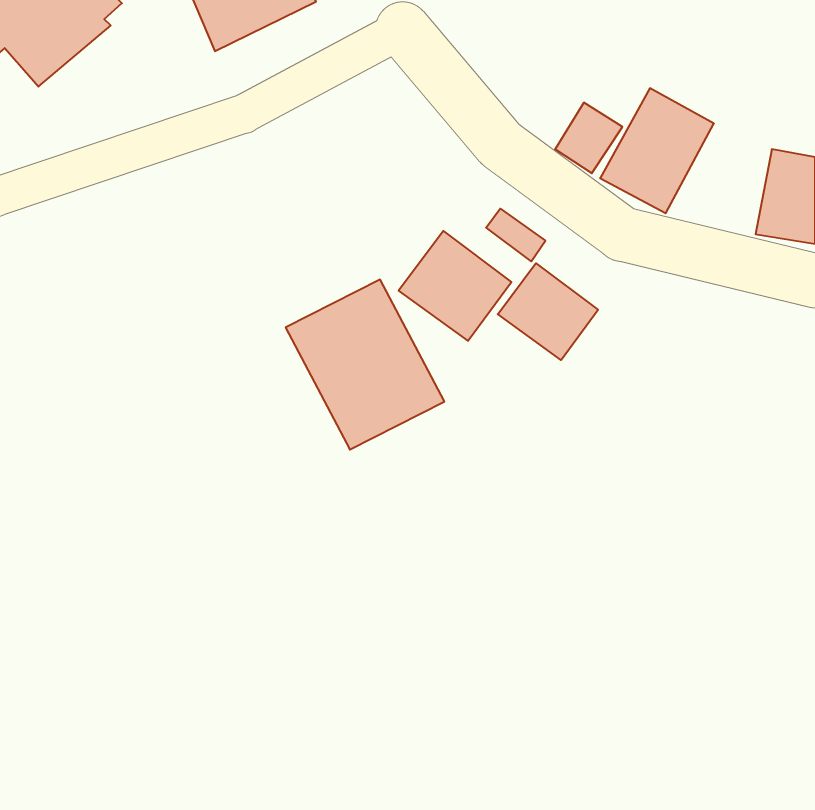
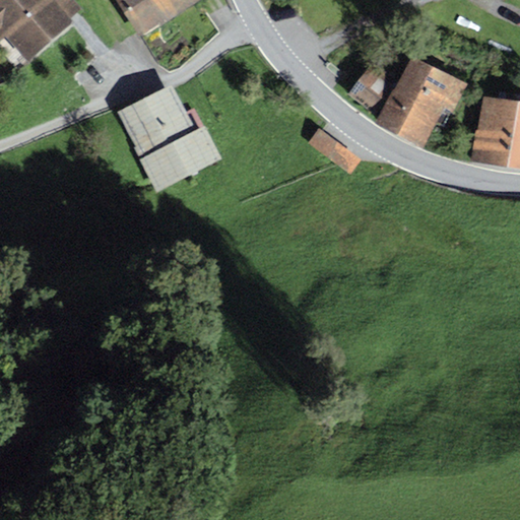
building: [399,231,511,341] -> none
building: [498,263,598,360] -> none
building: [286,280,444,450] -> [118,84,218,192]

